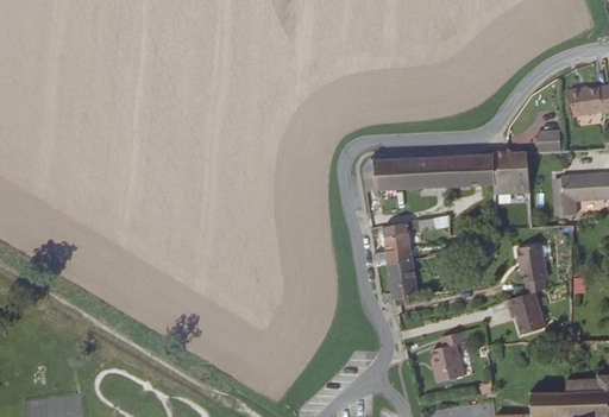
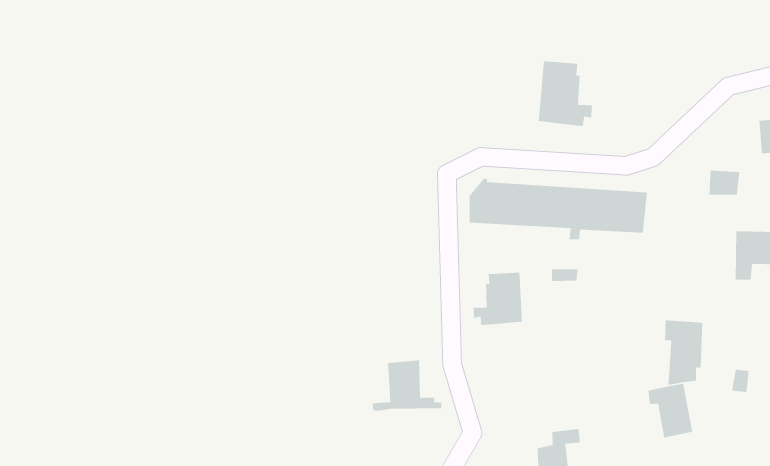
building: none -> [538,61,593,127]
building: [492,150,529,194] -> none
building: [379,259,432,301] -> [372,360,443,412]

